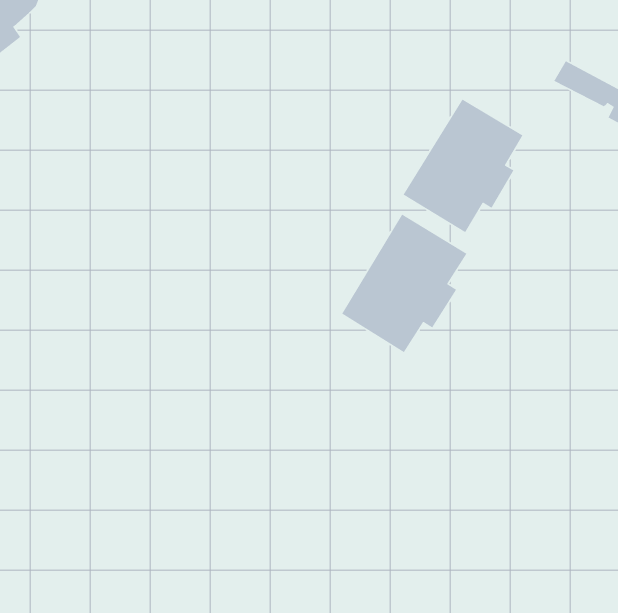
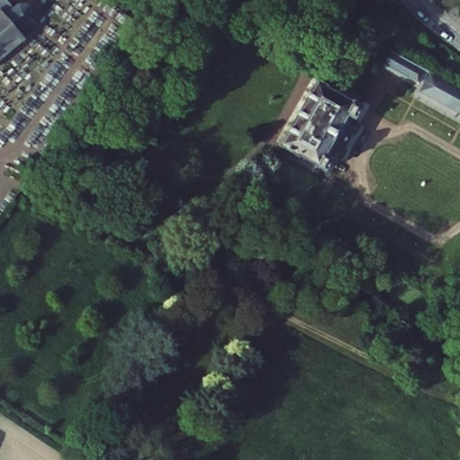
building: [341,214,467,353] -> none

